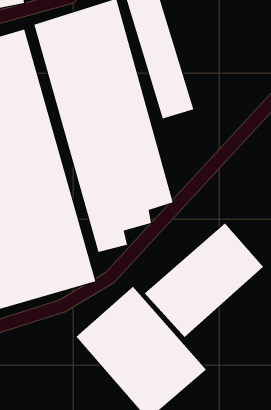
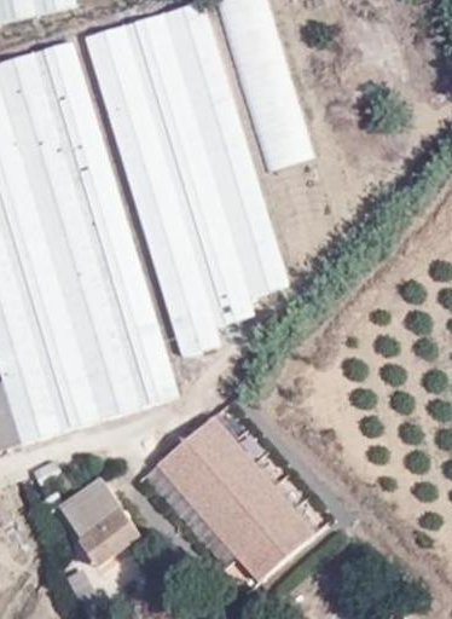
building: [144,222,264,338] -> none
building: none -> [58,476,140,568]

